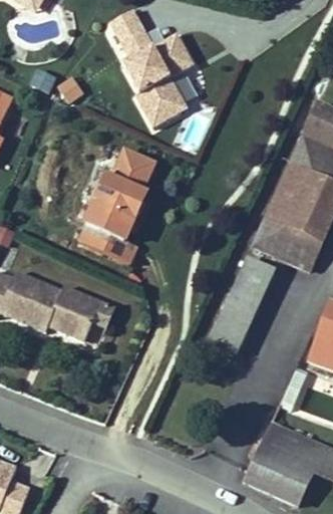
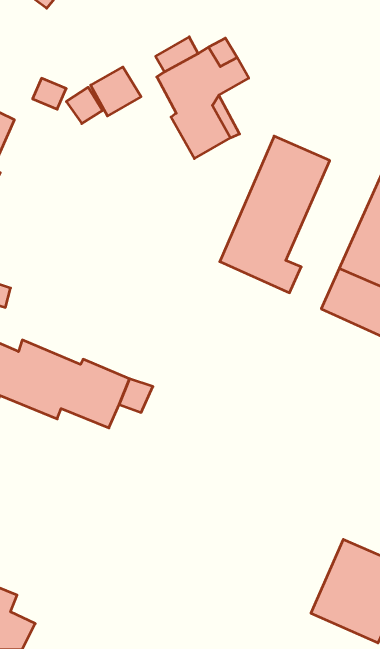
building: [110,12,149,50] -> [91,67,141,116]
building: [75,144,160,265] -> [220,136,330,293]
building: [209,260,273,354] -> none

